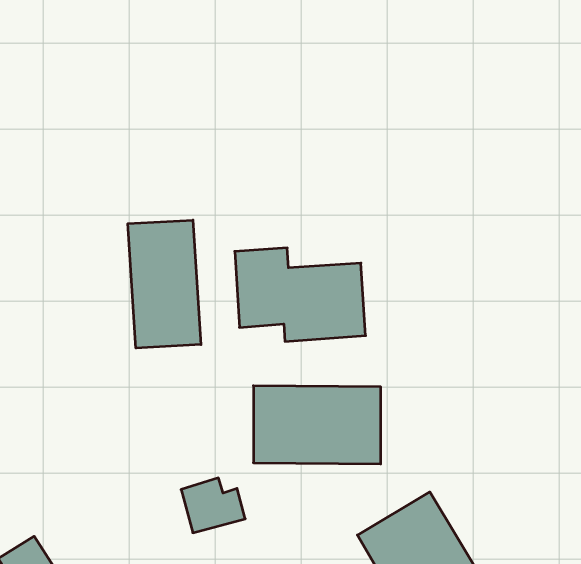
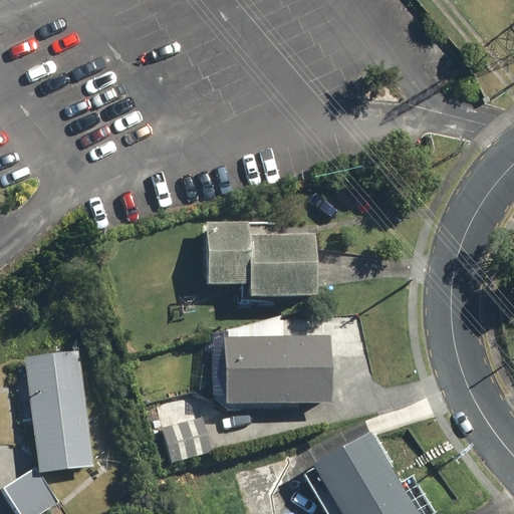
building: [128,220,201,348] -> none
building: none -> [24,349,89,469]

